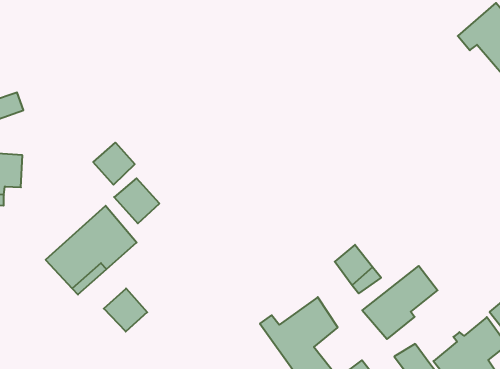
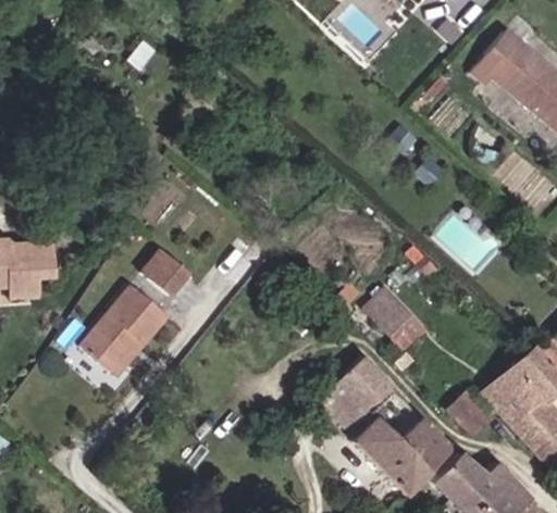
building: [93,143,135,185] -> none
building: [362,266,438,339] -> none
building: [104,288,147,332] -> none

